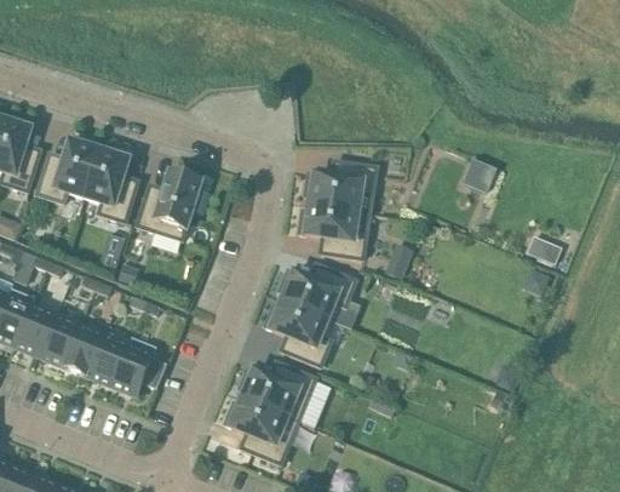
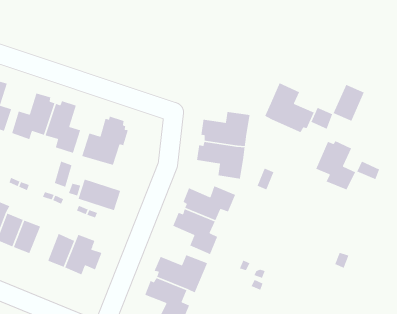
building: none -> [264,82,315,133]
building: none -> [333,84,365,122]
building: none -> [315,140,356,191]
building: none -> [78,178,121,211]
building: [63,326,103,376] -> none

